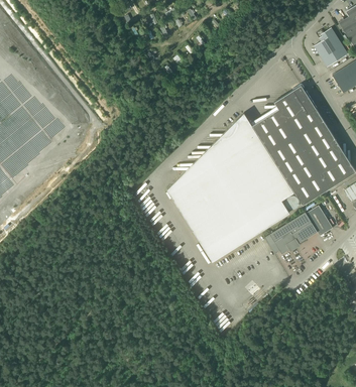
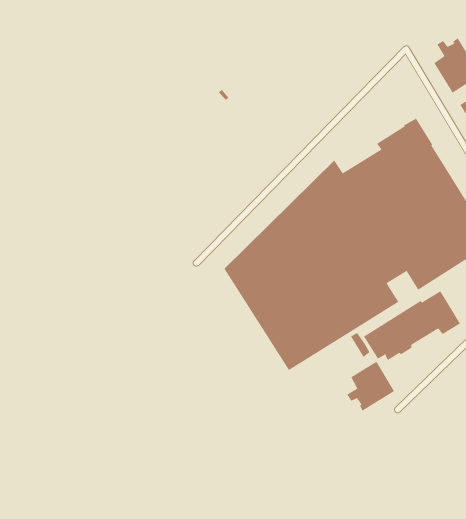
building: none -> [347,361,395,411]

